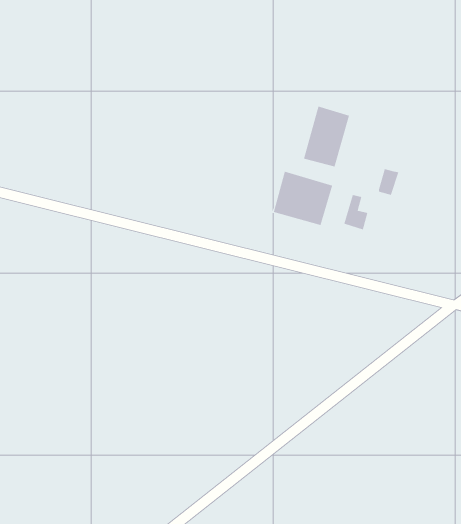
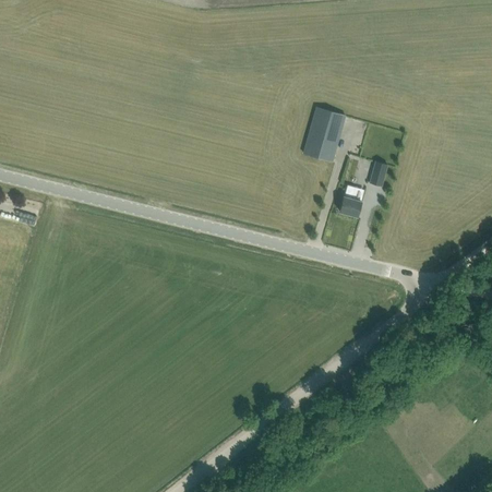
building: [273,171,333,226] -> none

